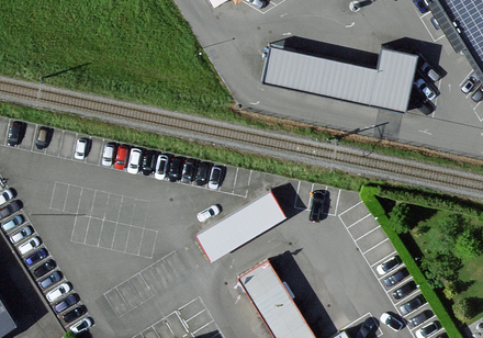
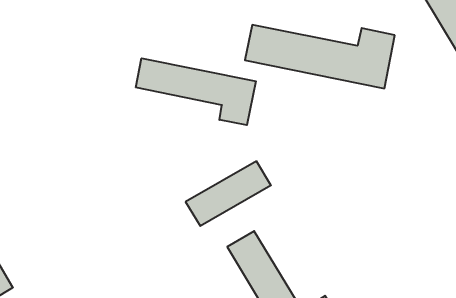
building: none -> [136,58,256,125]

